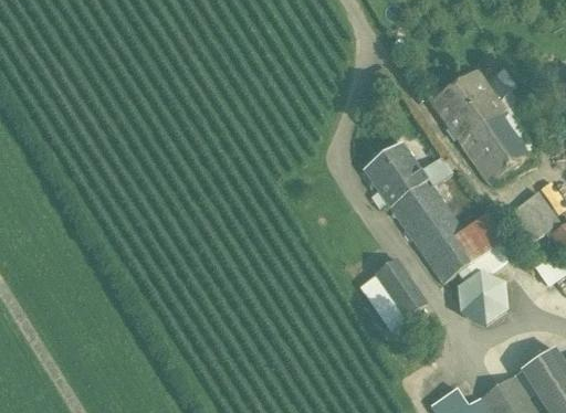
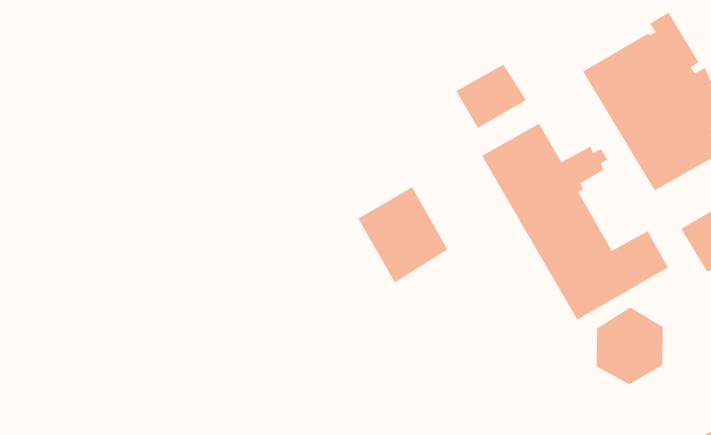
building: none -> [455,64,527,129]
building: [359,258,427,329] -> [357,187,448,283]

